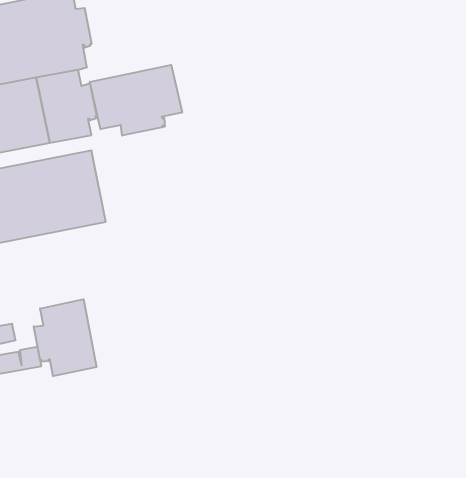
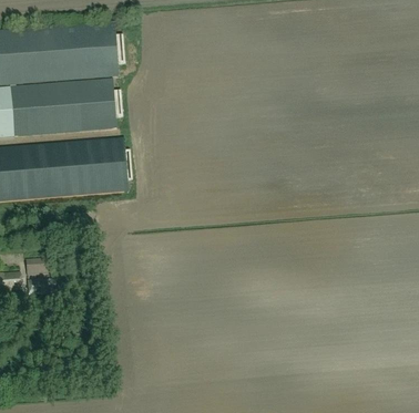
building: [90,65,182,136] -> none
building: [34,299,96,376] -> none

